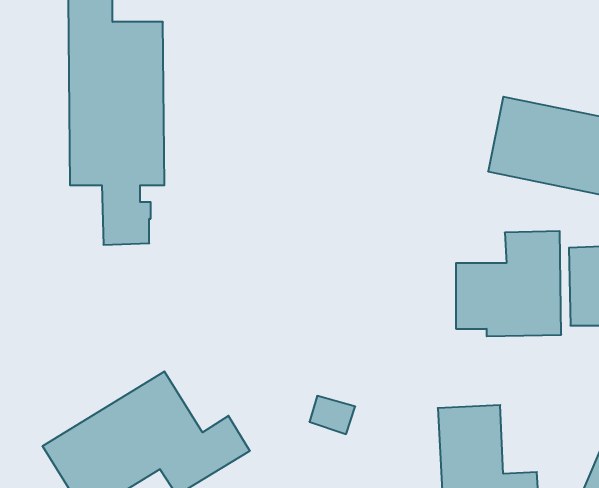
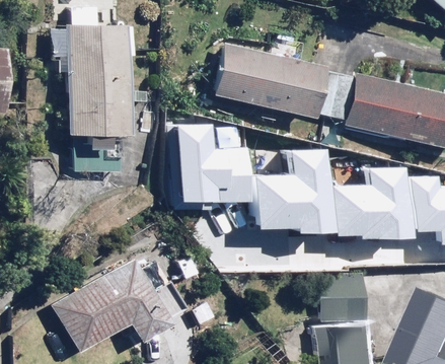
building: none -> [216,46,325,117]
building: none -> [169,124,240,212]
building: none -> [247,151,316,230]

